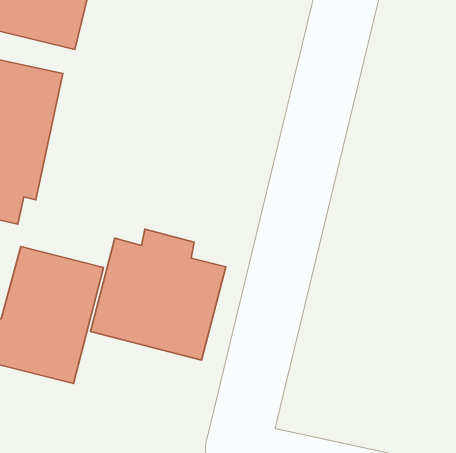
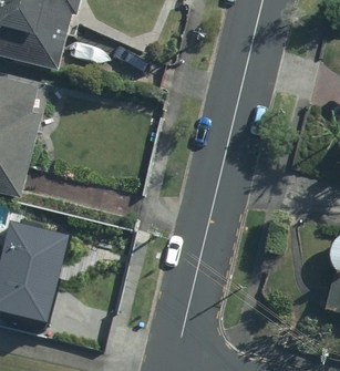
building: [91,229,226,360] -> none

